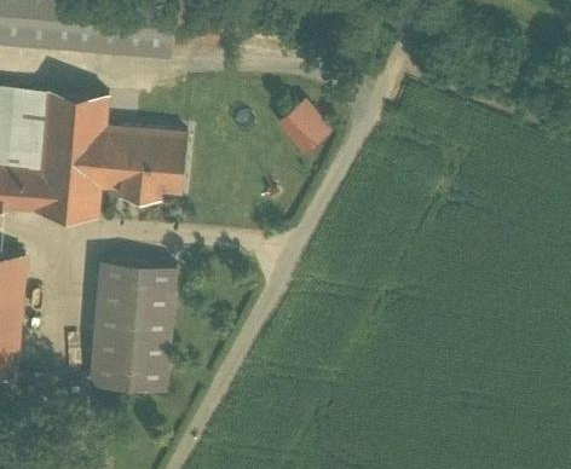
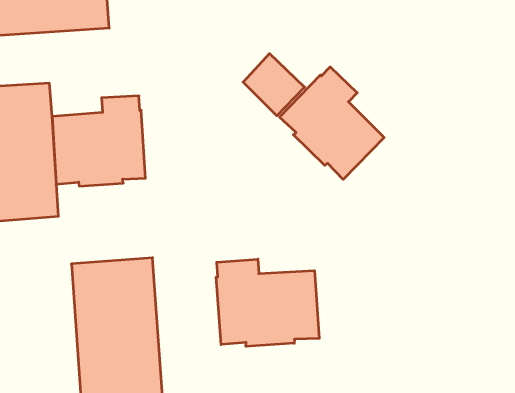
building: none -> [280,67,384,179]
building: none -> [216,259,319,346]

